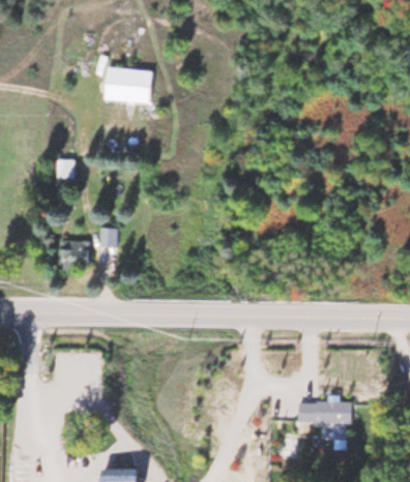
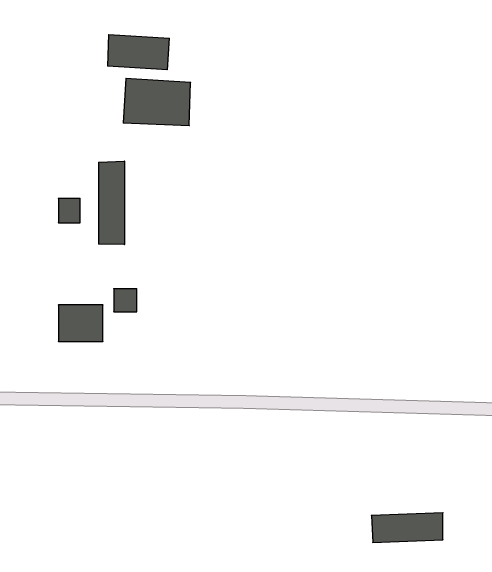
building: none -> [108,35,169,70]
building: none -> [99,161,124,245]

